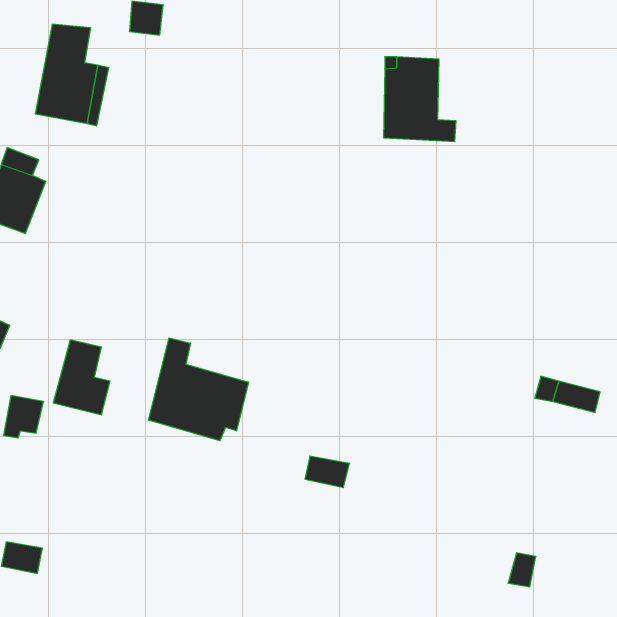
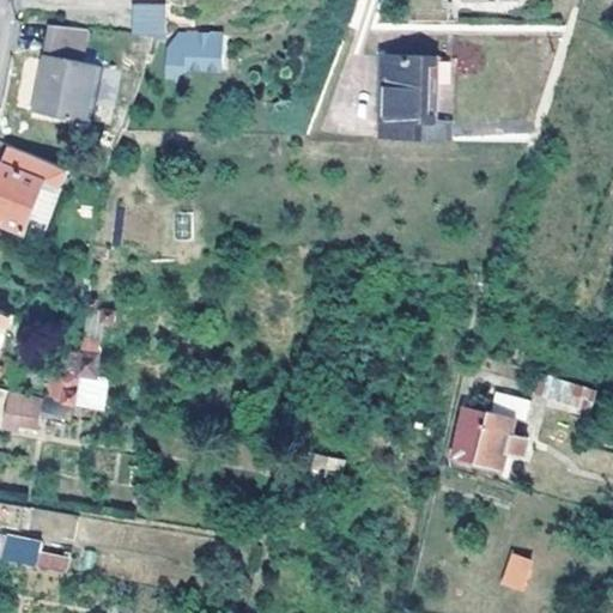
building: none -> [163,32,221,74]
building: [148,338,248,441] -> none
building: none -> [453,405,529,472]

